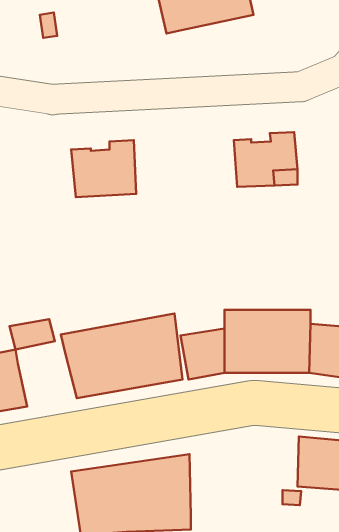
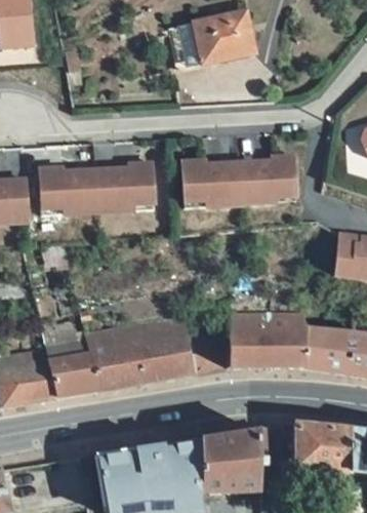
building: none -> [181,160,242,208]
building: none -> [39,167,99,216]
building: none -> [48,351,100,397]
building: none -> [200,428,267,494]

